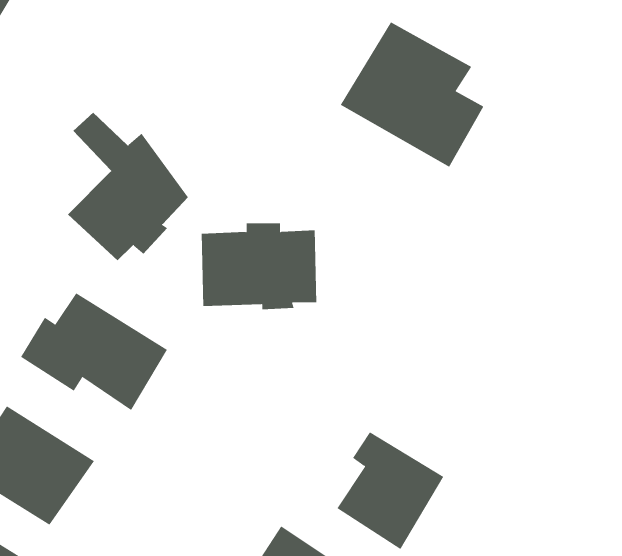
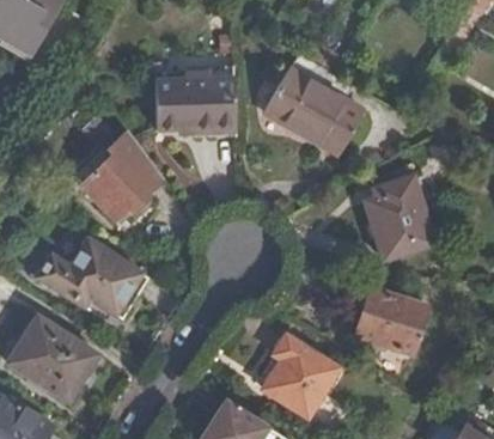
building: none -> [367,175,434,257]
building: [201,223,317,310] -> [157,69,237,129]
building: none -> [355,285,429,352]

